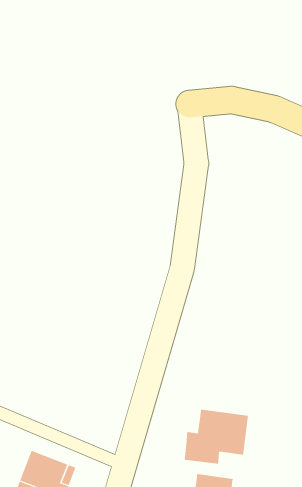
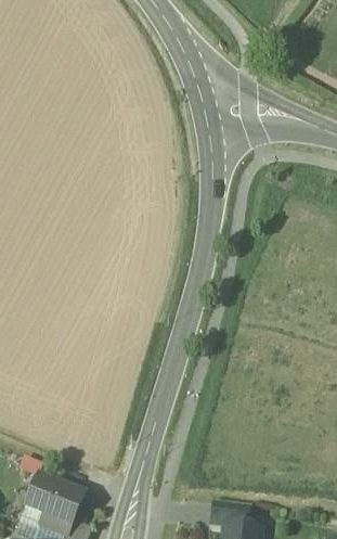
building: [184,409,248,465] -> none

